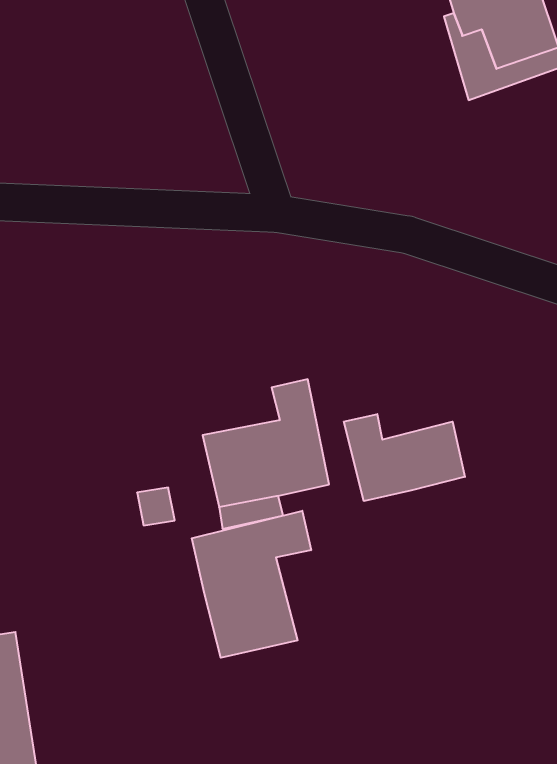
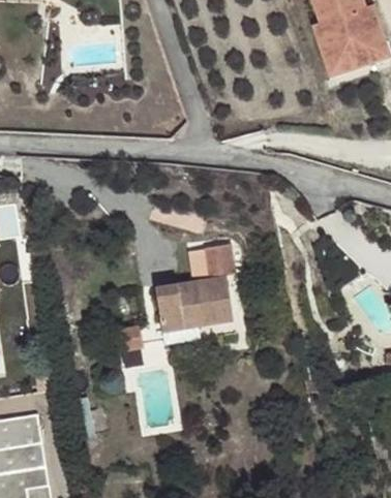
building: [344,414,465,501] -> none
building: [192,511,311,658] -> none

